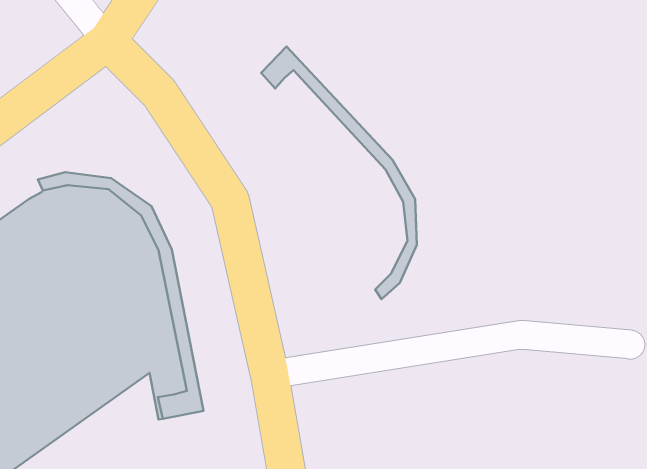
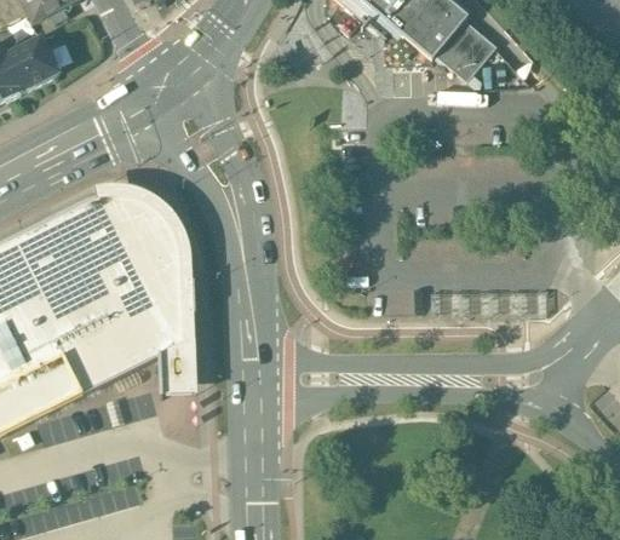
building: [261,47,417,299] -> none

